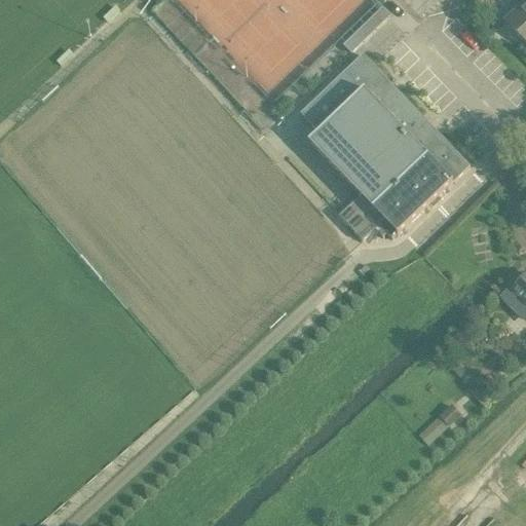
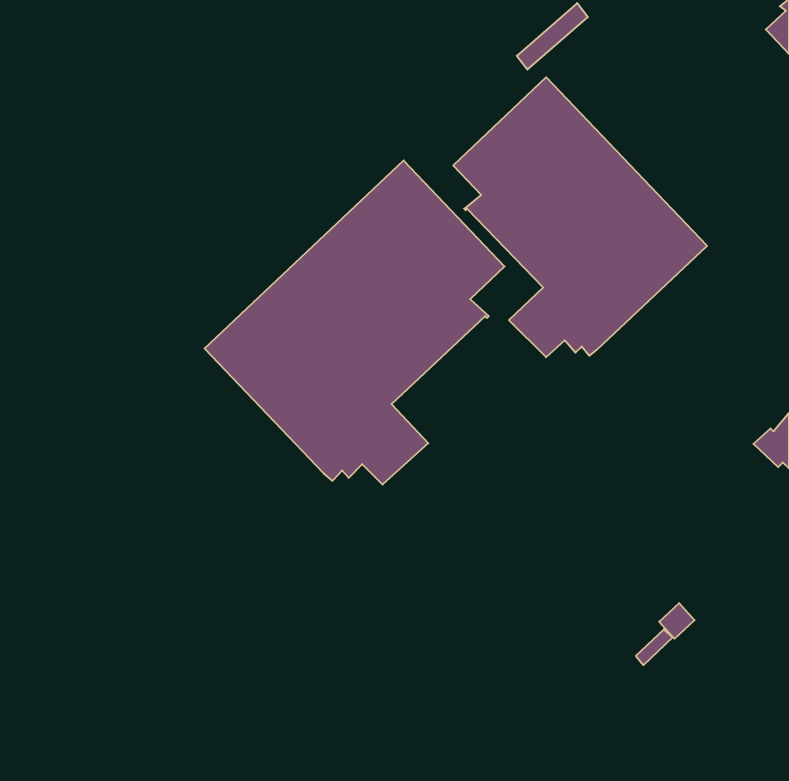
building: none -> [205,160,505,485]

